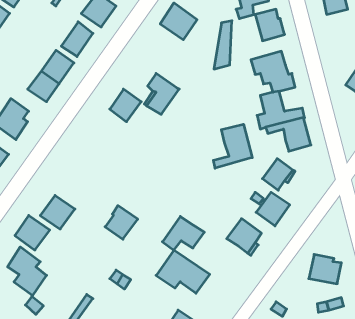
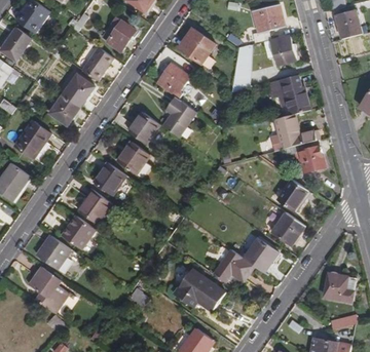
building: none -> [155,64,197,111]
building: none -> [116,141,149,174]
building: [213,124,252,168] -> none
building: none -> [92,161,125,195]
building: [105,206,138,239] -> [79,189,111,222]
building: [162,216,204,250] -> [213,249,254,282]

